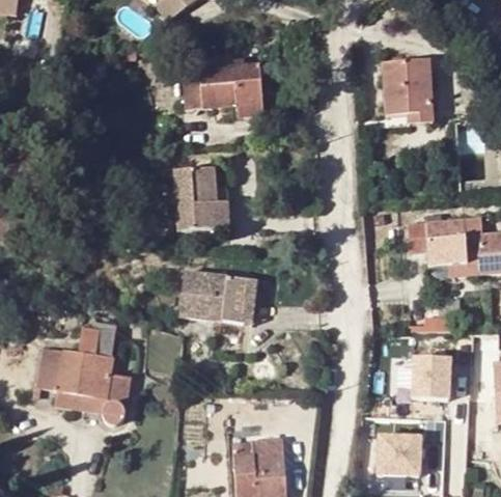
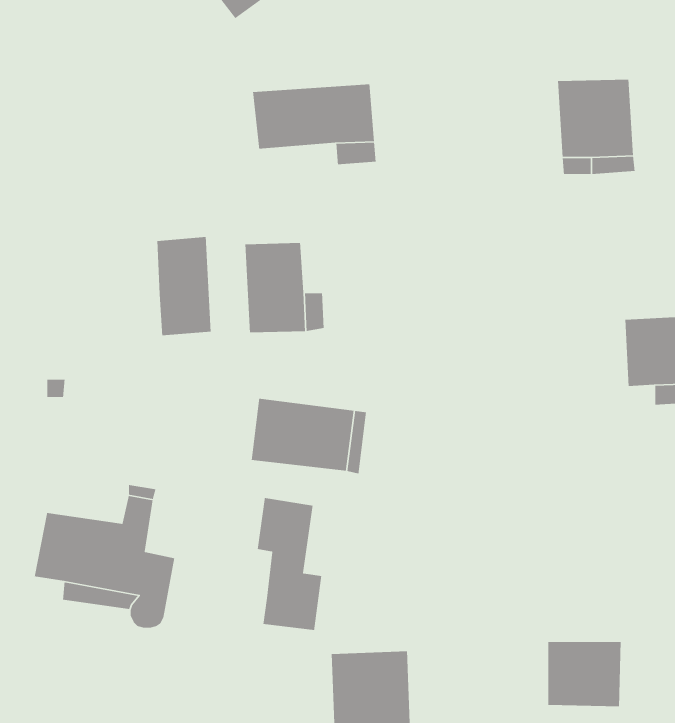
building: none -> [156,236,211,336]
building: none -> [257,497,322,631]
building: [413,354,453,396] -> none

